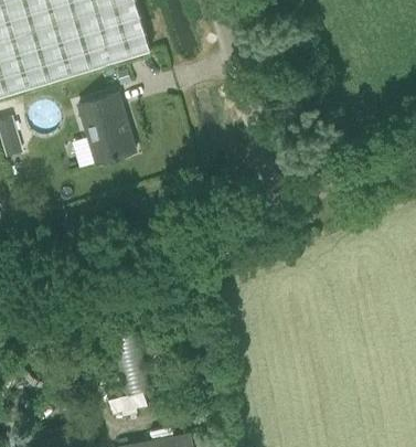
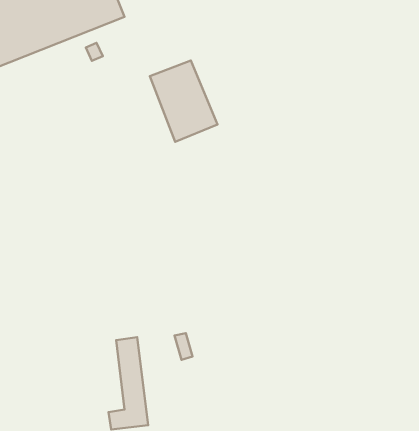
building: [78,94,135,164] -> [150,60,217,142]

